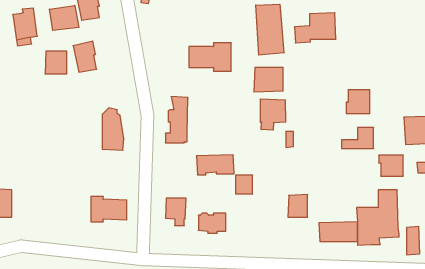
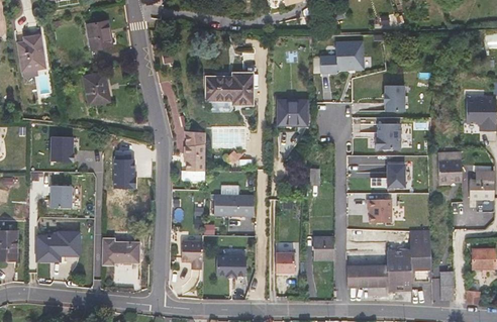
building: [256,4,284,55] -> none
building: [50,5,79,30] -> none
building: [45,51,67,74] -> [48,136,72,160]
building: none -> [383,86,404,111]
building: [260,99,285,130] -> none
building: none -> [48,186,73,207]
building: [379,155,403,176] -> [367,200,393,222]
building: [236,175,253,194] -> [276,252,294,273]
building: none -> [36,233,79,260]

